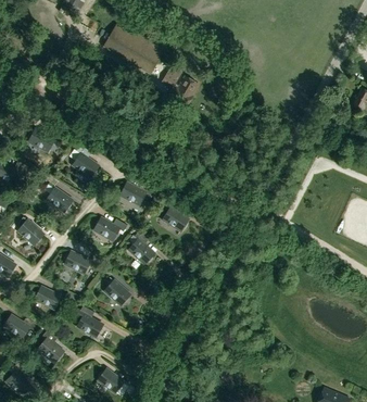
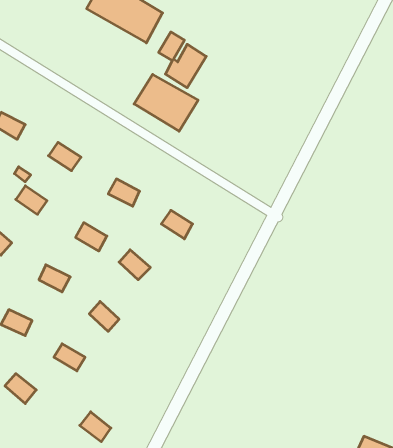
building: none -> [134,74,198,131]

